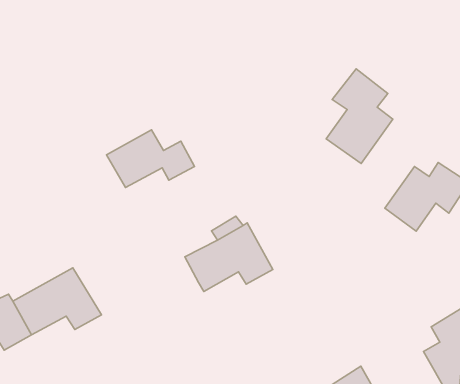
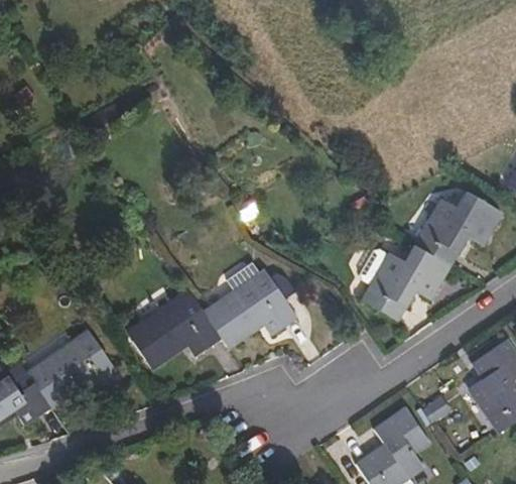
building: [326,69,393,163] -> none
building: [107,130,194,187] -> [136,299,228,361]
building: none -> [364,242,448,317]

